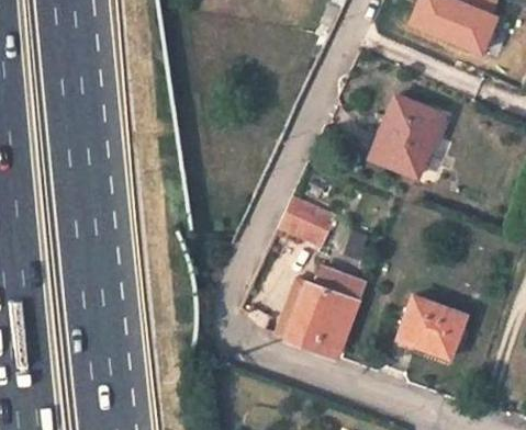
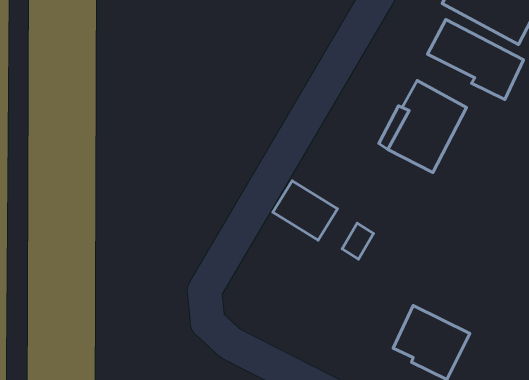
building: none -> [428,20,523,99]
building: [288,265,365,357] -> none

